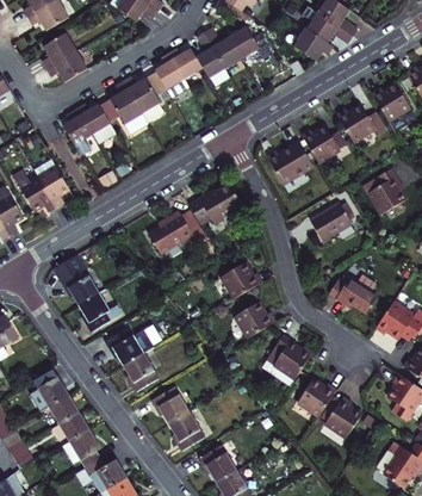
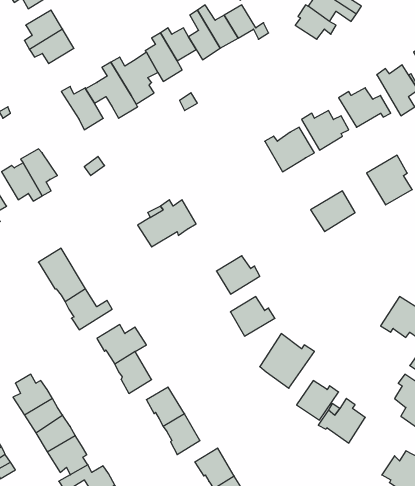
building: [62,108,92,156] -> none
building: [187,184,240,224] -> none
building: [328,274,376,312] -> none

